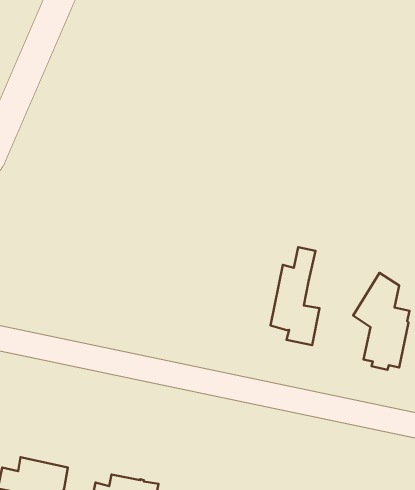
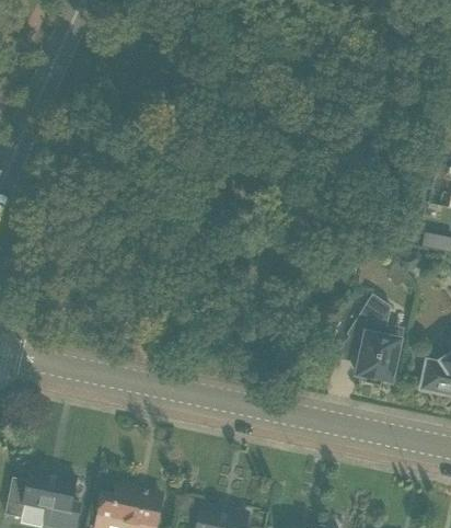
building: [270,247,319,345] -> none

